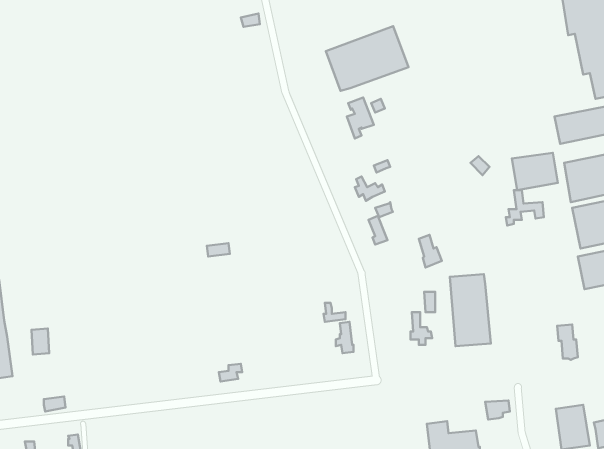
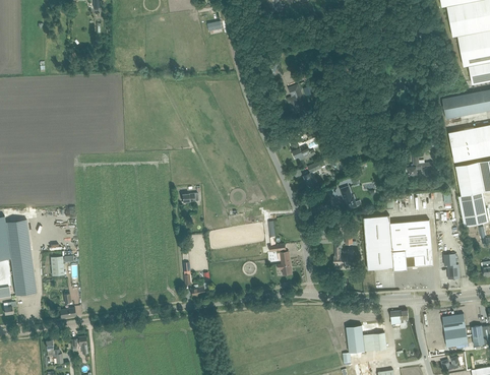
building: [326,26,409,91] -> none
building: [512,153,558,190] -> none
building: none -> [390,221,433,271]

